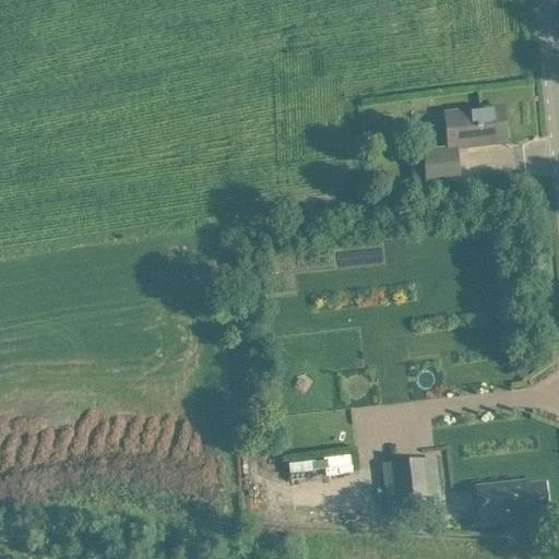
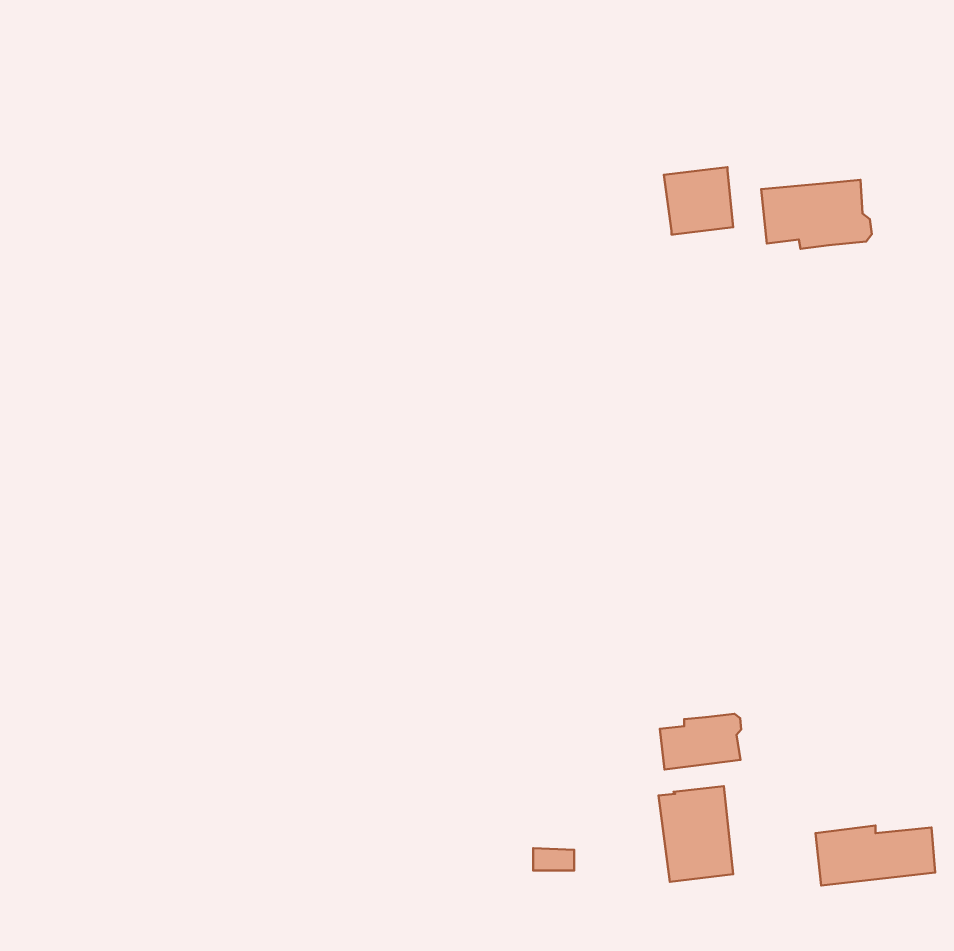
building: [421,144,462,183] -> [664,167,733,235]
building: none -> [660,714,741,770]

